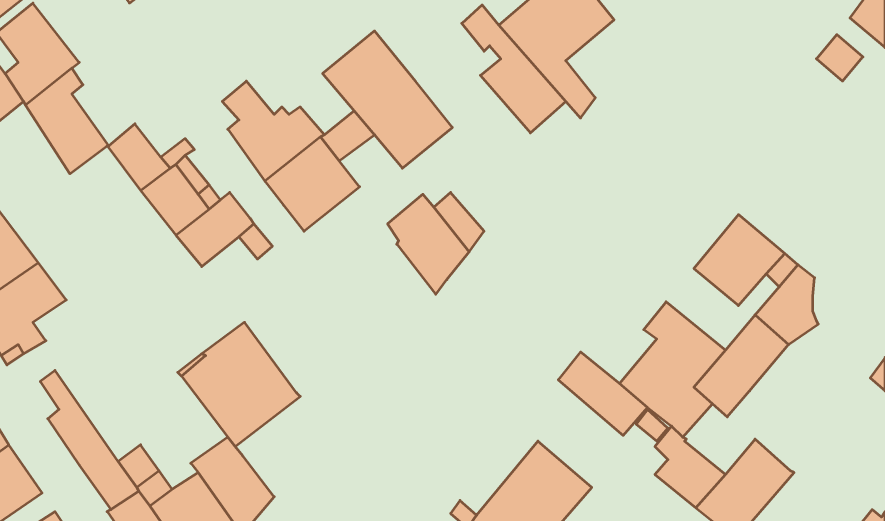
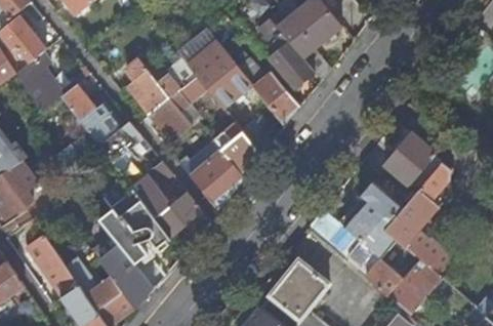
building: none -> [232,55,299,124]
building: none -> [178,137,243,209]
building: none -> [131,161,203,236]
building: none -> [404,231,453,275]

